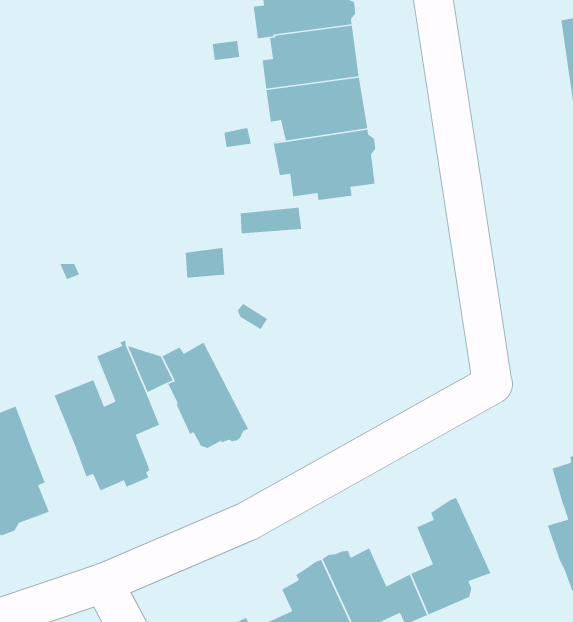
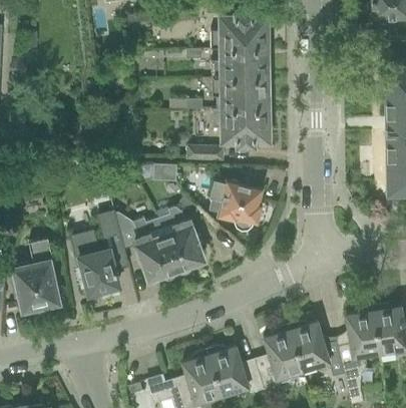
building: none -> [211,178,263,233]
building: none -> [159,207,205,271]
building: none -> [291,323,346,377]

